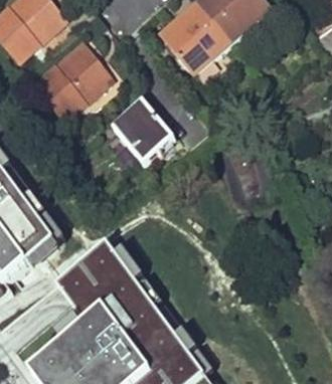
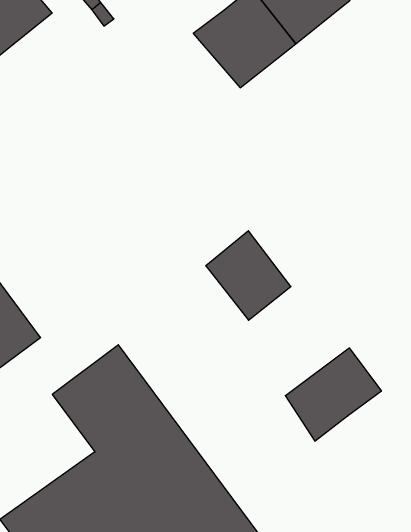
building: [35,43,111,116] -> none
building: [115,101,173,162] -> [206,231,291,320]
building: none -> [285,348,381,441]

